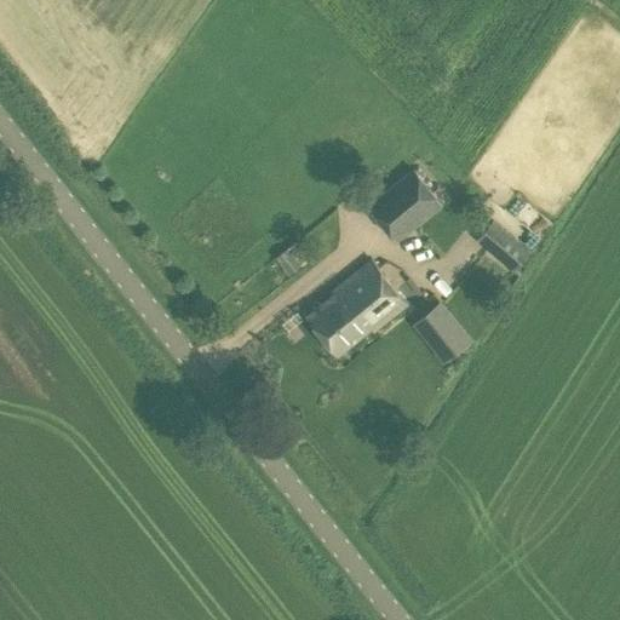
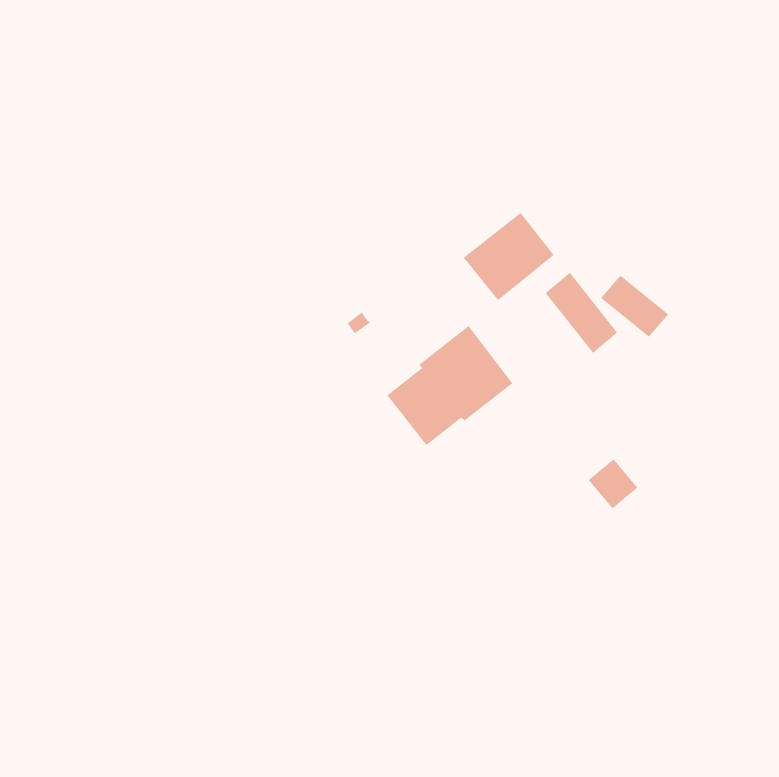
building: none -> [545,272,618,354]
building: [430,317,470,357] -> [588,459,638,509]

